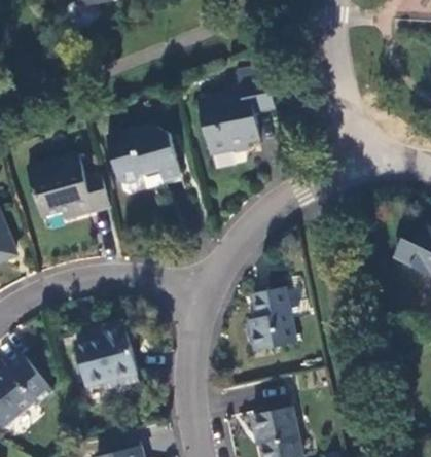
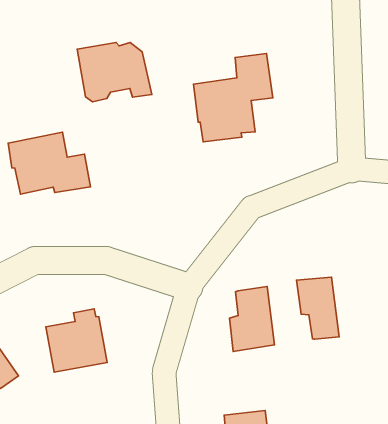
building: [104,124,179,183] -> [77,42,152,102]
building: none -> [297,277,339,339]

